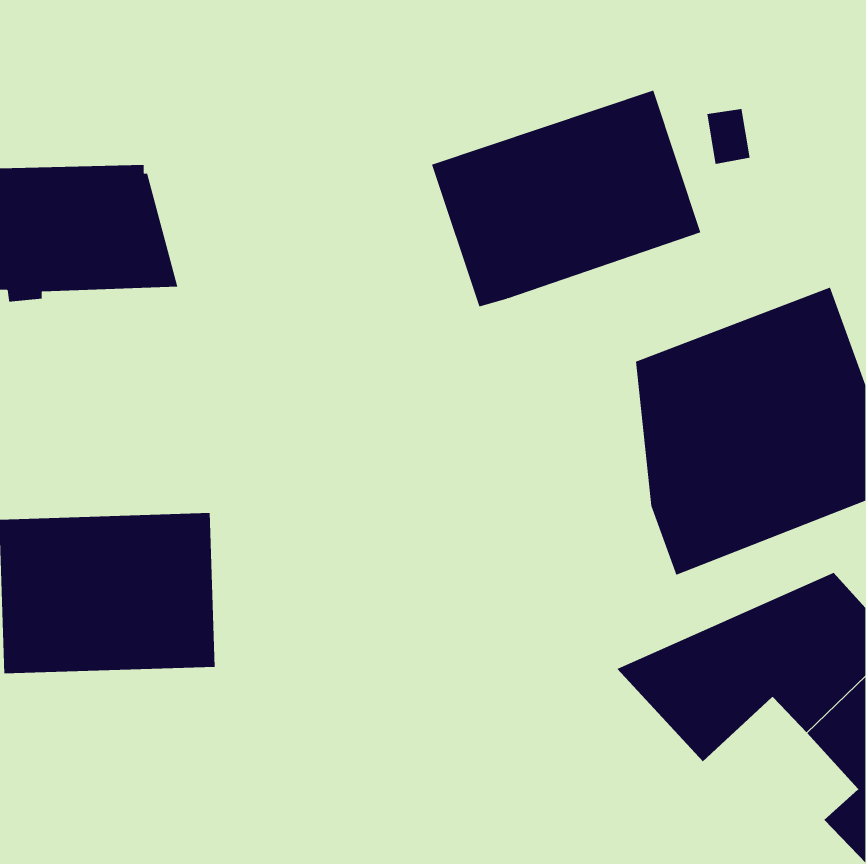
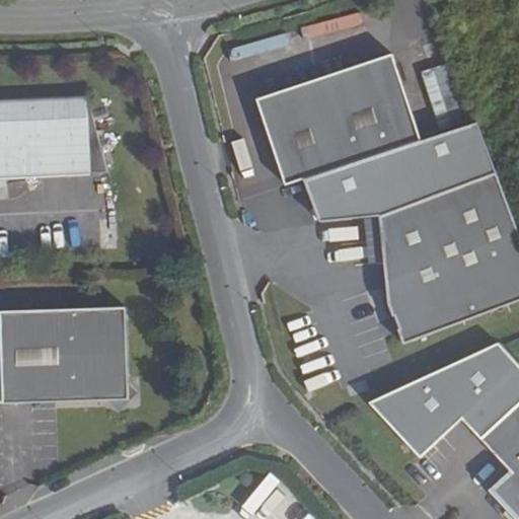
building: none -> [303,121,496,222]

